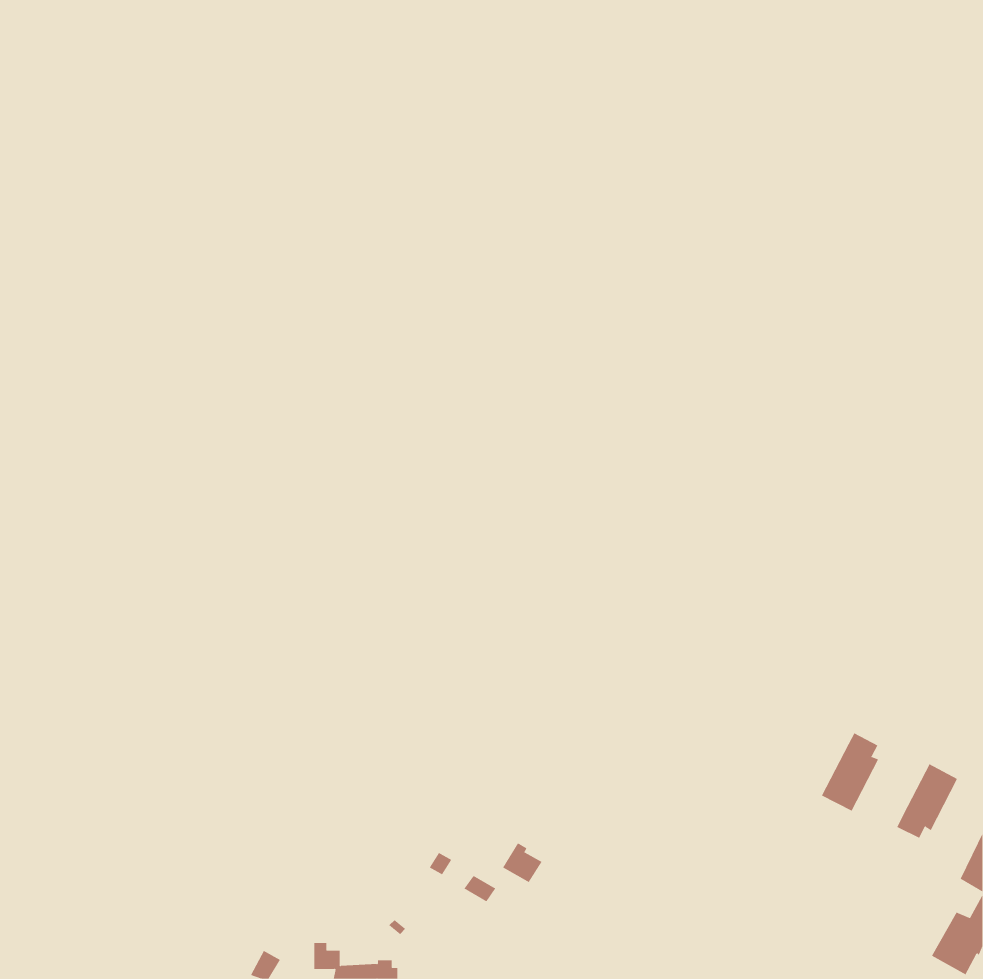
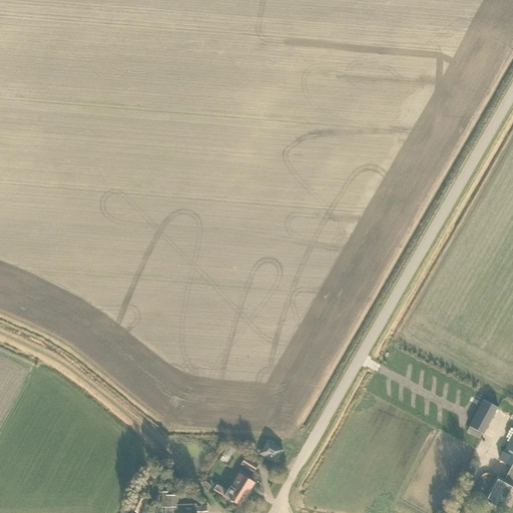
building: [821,732,879,811] -> none
building: none -> [214,472,255,505]

